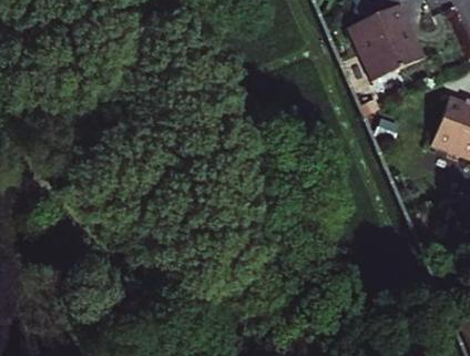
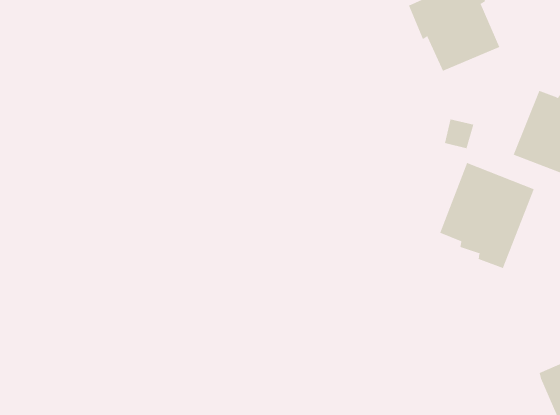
building: none -> [439,162,534,269]

